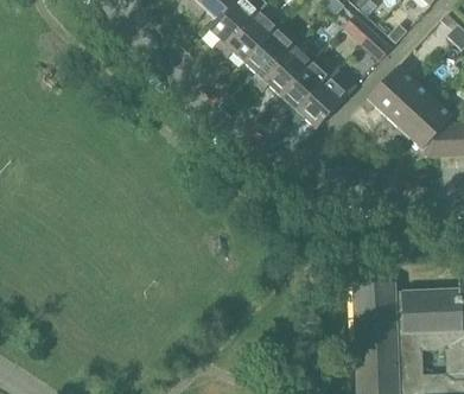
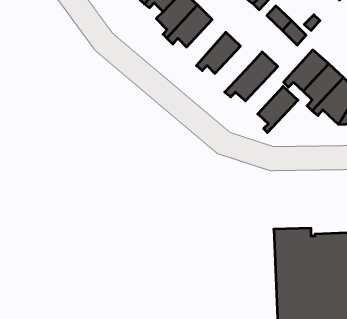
building: [246,28,293,84] -> none
building: [280,61,329,116] -> [258,86,298,133]

